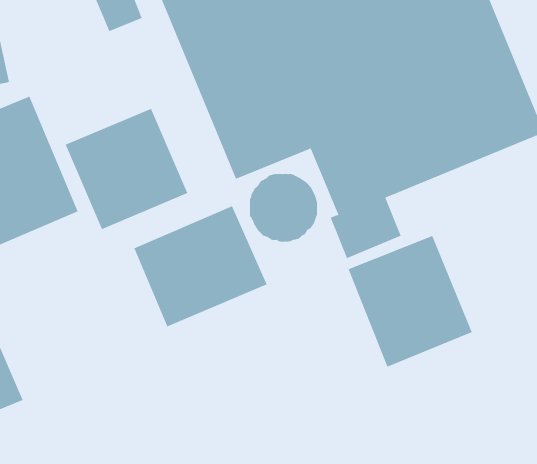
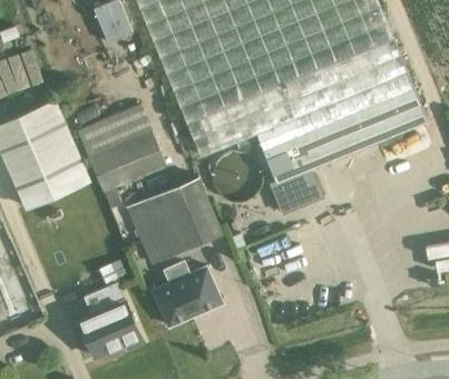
building: [348,235,473,368] -> none
building: none -> [152,263,222,328]
building: none -> [77,282,140,359]

